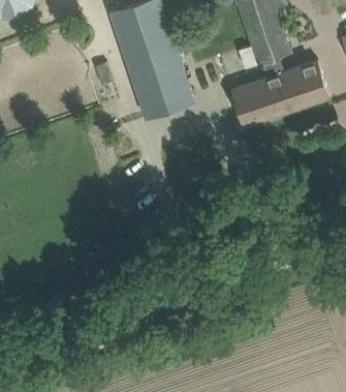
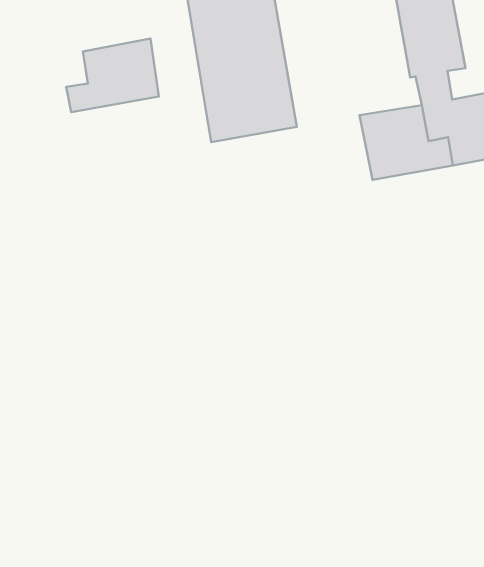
building: none -> [66,39,159,112]

